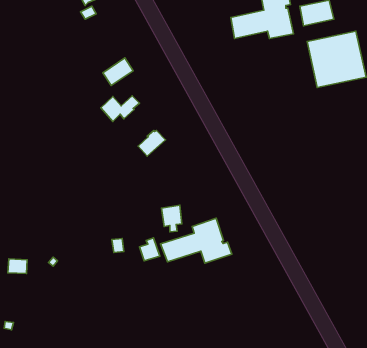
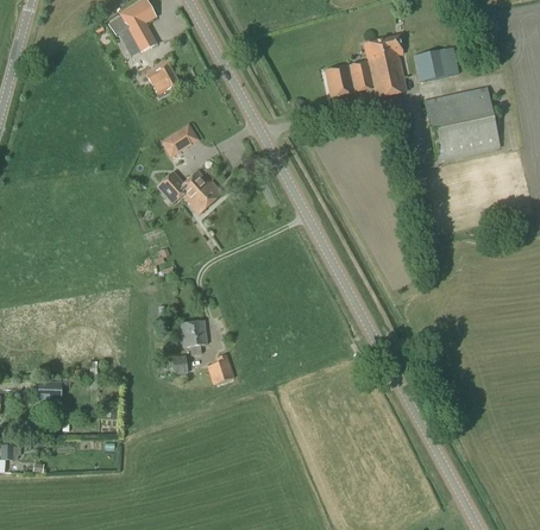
building: none -> [149,65,178,99]
building: [138,130,166,156] -> [188,181,224,214]
building: [161,205,182,232] -> [181,320,207,354]
building: [161,218,232,263] -> none

